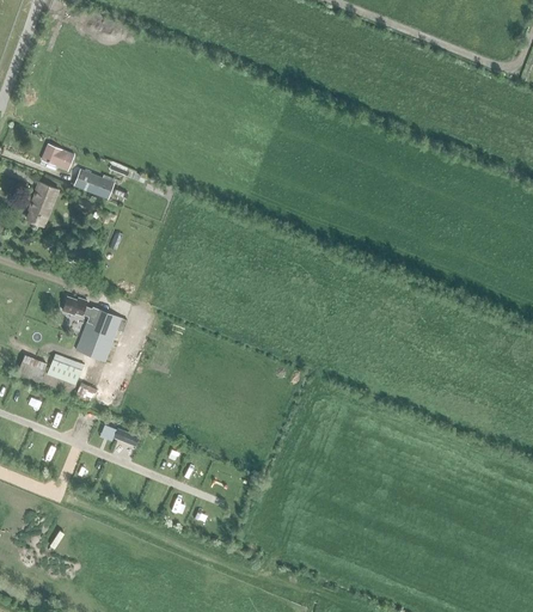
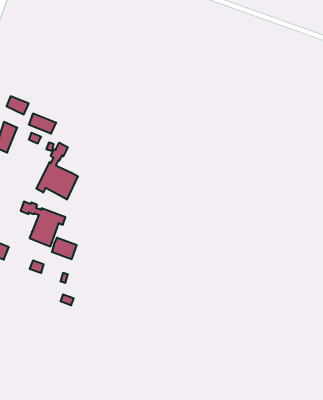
building: none -> [36,143,78,200]
building: [47,354,82,385] -> [52,238,77,259]

